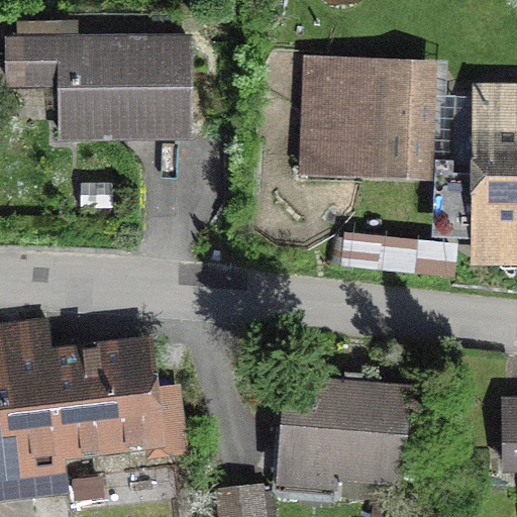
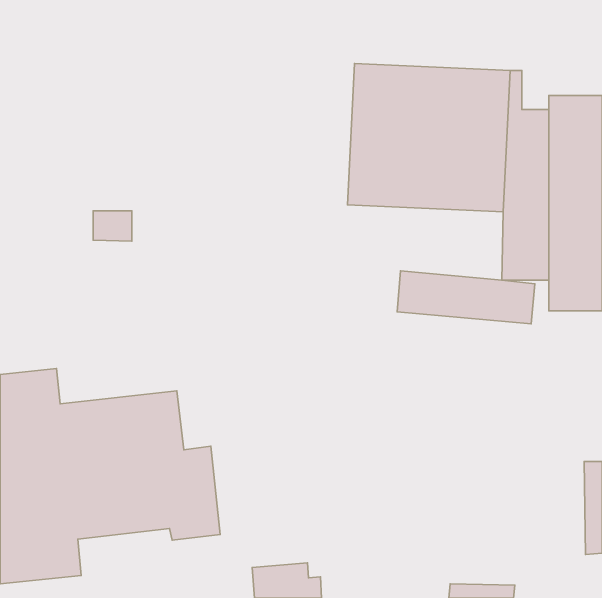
building: [4,18,193,142] -> none
building: [276,372,411,493] -> none

